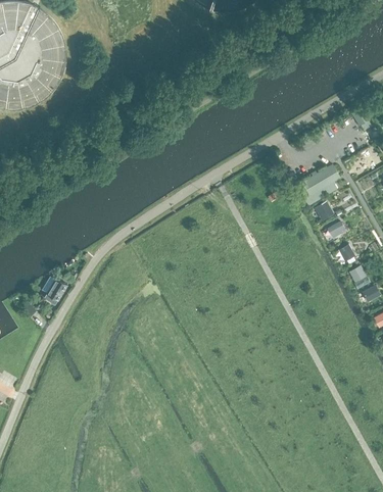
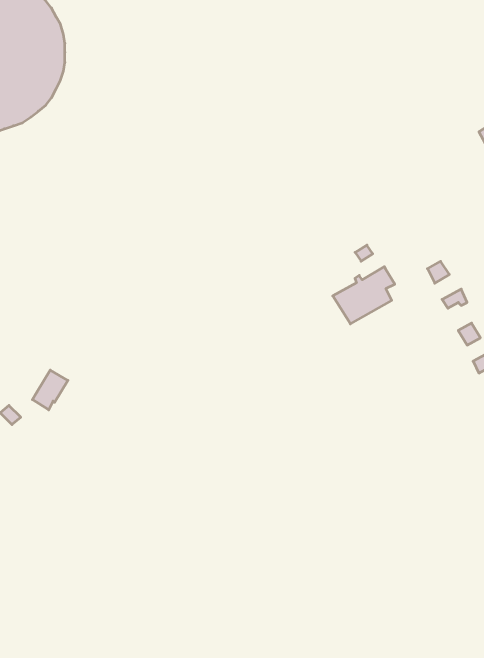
building: [296,164,339,204] -> [333,267,395,324]

